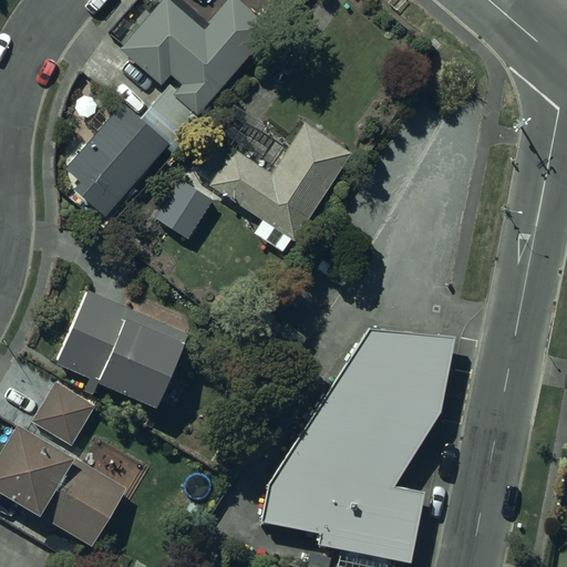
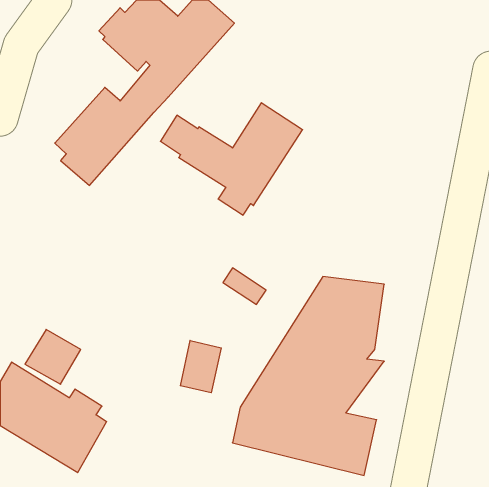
building: [157,177,212,237] -> none
building: [55,291,186,408] -> none
building: none -> [180,340,221,393]

